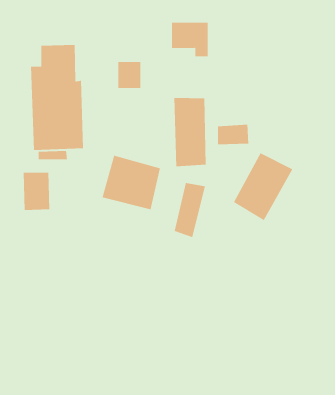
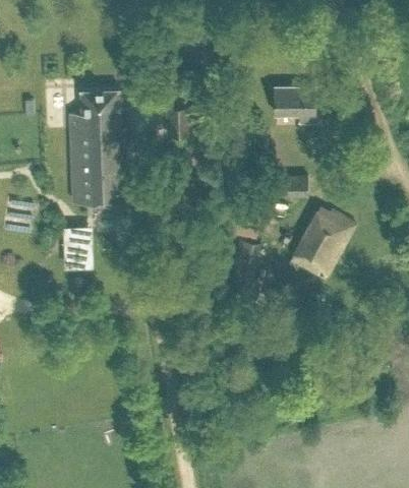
building: [171,22,209,57] -> [276,86,316,124]
building: [174,97,206,167] -> none
building: [102,155,161,210] -> none

